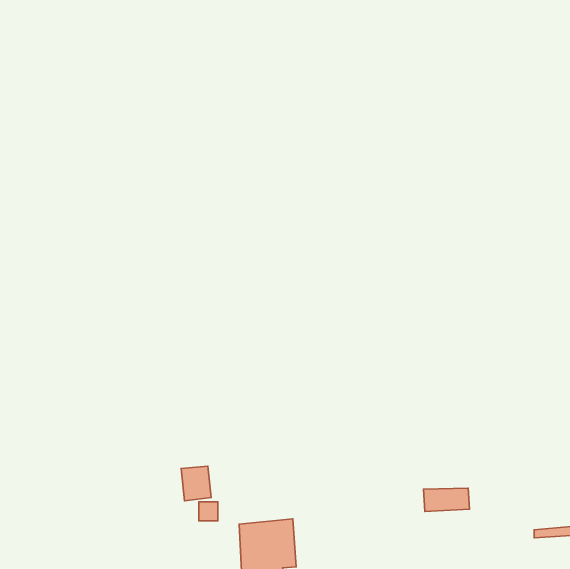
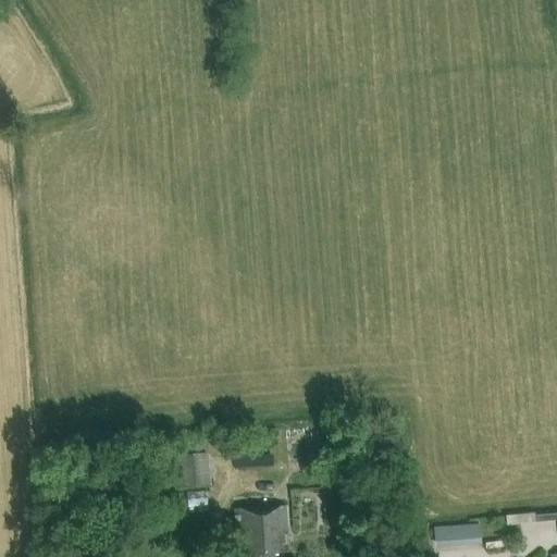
building: [424,488,469,512] -> [444,523,488,546]

